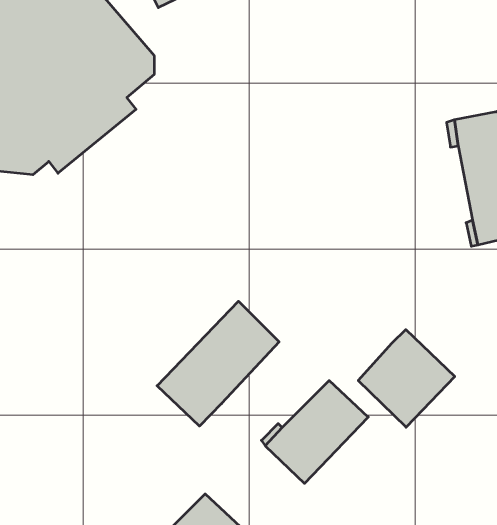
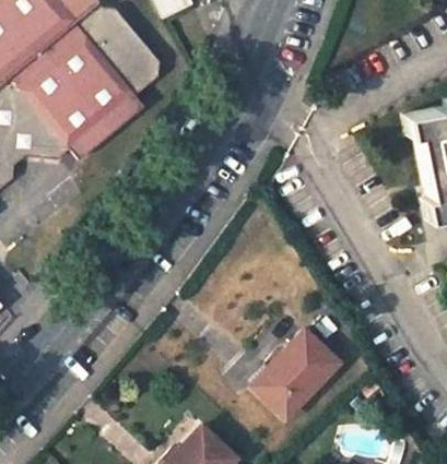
building: [157,301,279,426] -> none
building: [358,330,455,427] -> none

